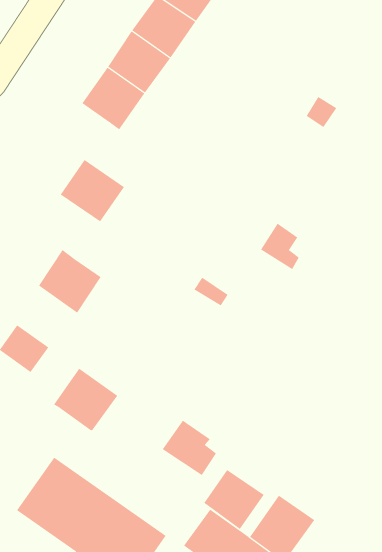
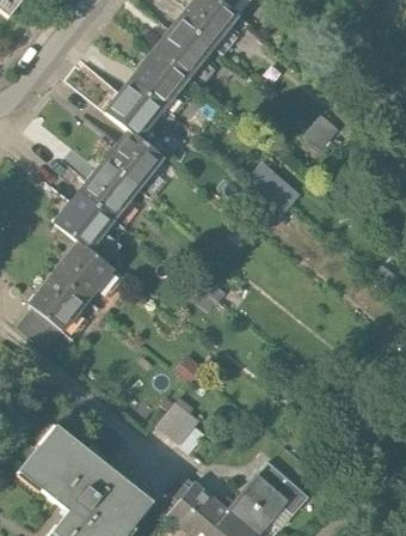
building: none -> [104,129,164,188]
building: none -> [55,190,115,249]
building: [260,223,300,270] -> [254,173,289,217]
building: [53,368,118,431] -> [30,270,88,328]
building: [203,469,264,530] -> none

